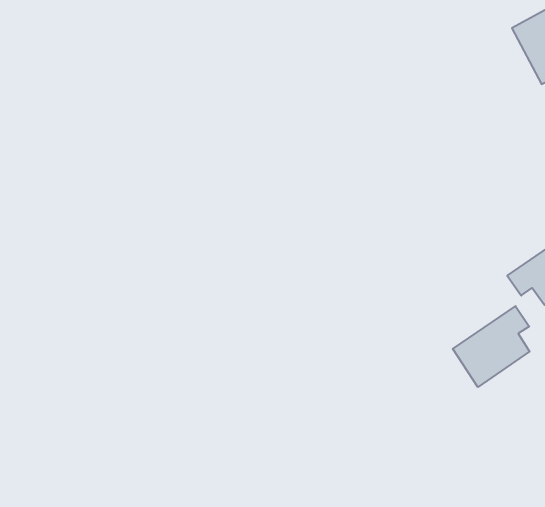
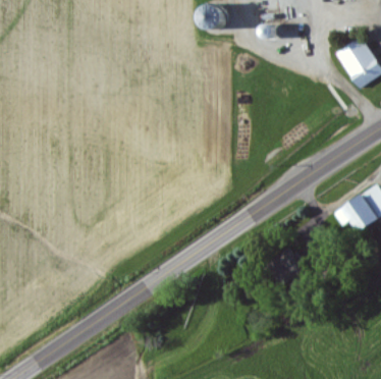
building: [453,306,530,387] -> none

